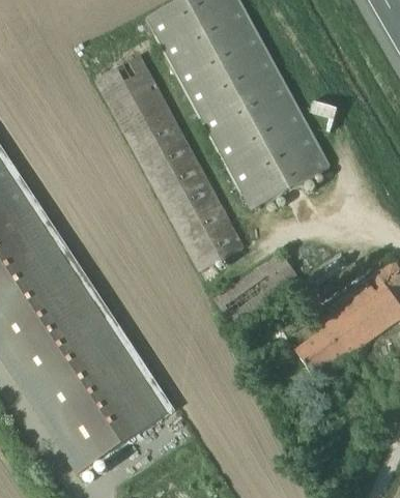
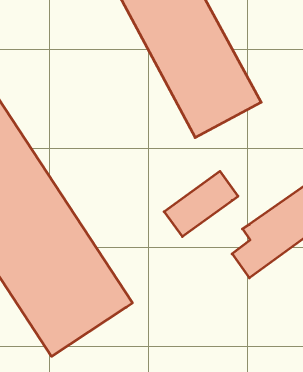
building: [92,55,245,272] -> none

